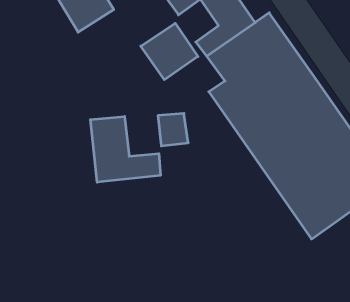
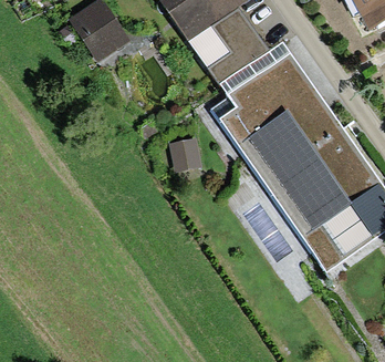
building: [141,23,198,80] -> none
building: [90,116,160,182] -> none

